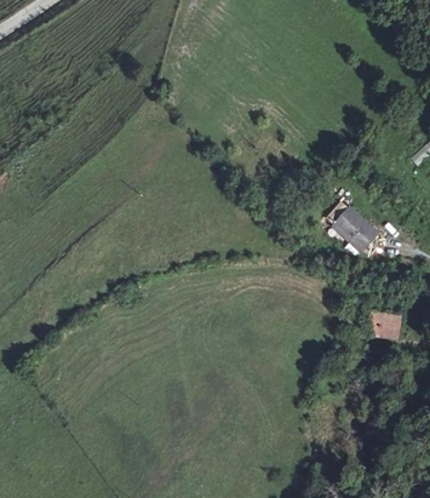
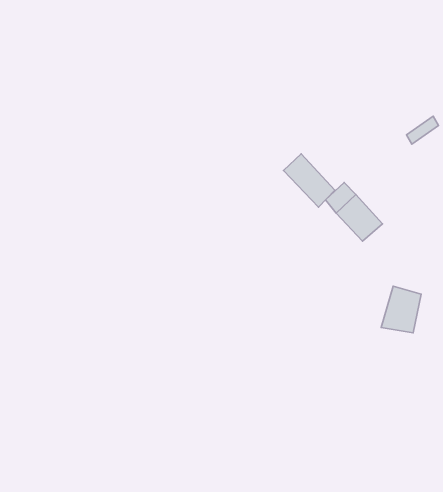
building: none -> [283,154,335,207]

